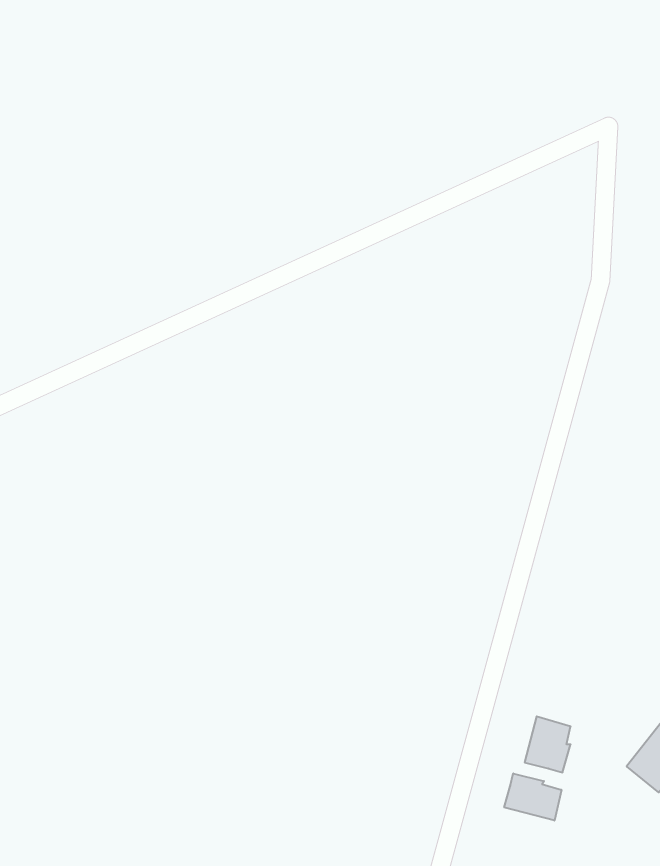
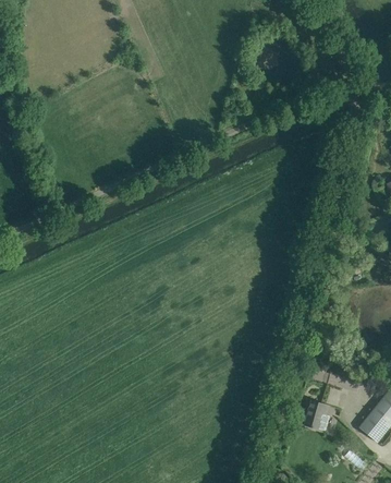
building: [504,773,561,821] -> none

